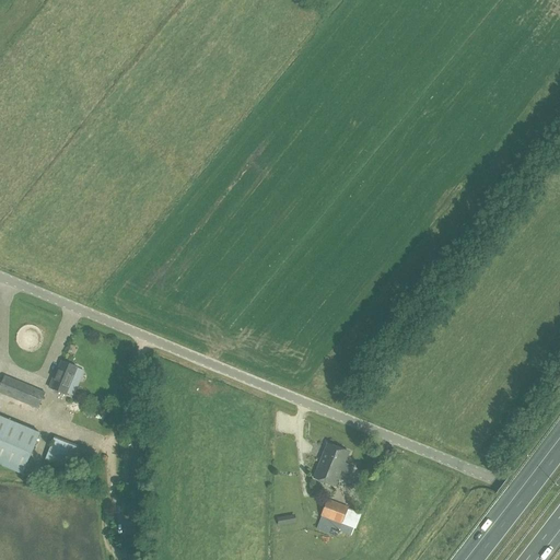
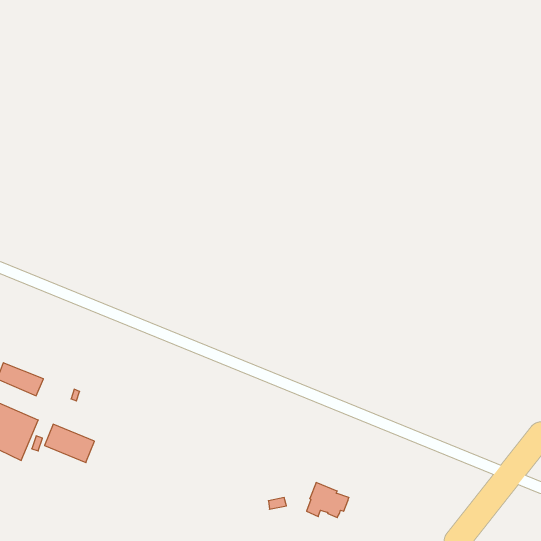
building: [48,360,75,393] -> none
building: [313,443,348,485] -> none

